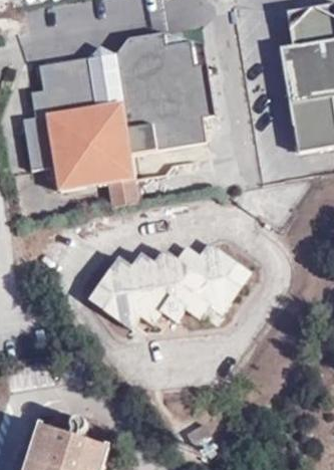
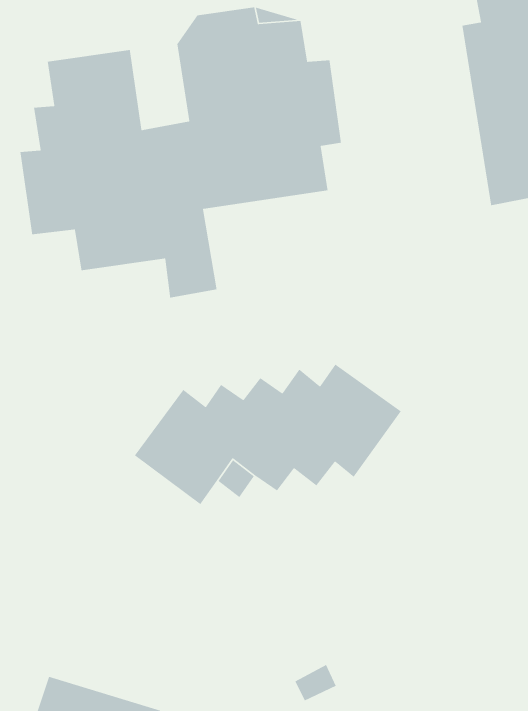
building: [88,45,122,105] -> none

